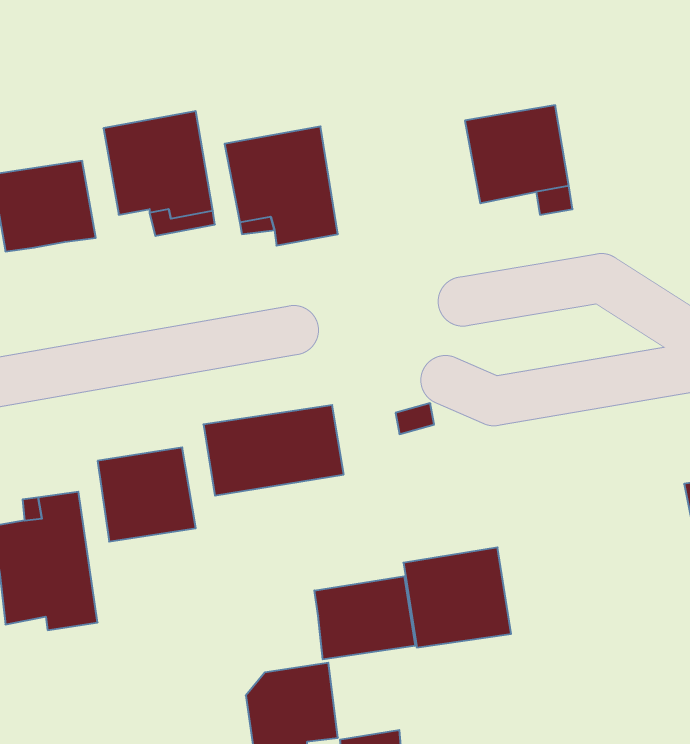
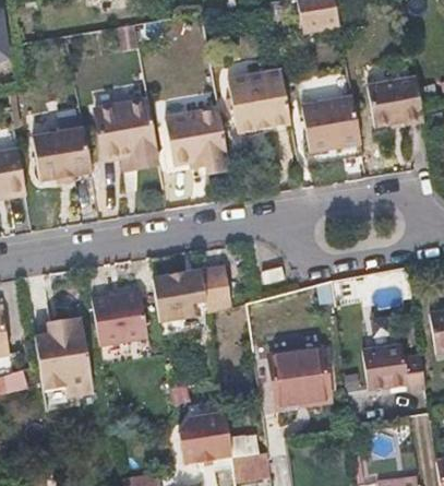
building: none -> [228,70,290,133]
building: none -> [367,75,422,127]
building: none -> [359,342,423,389]
building: [314,576,415,659] -> none

